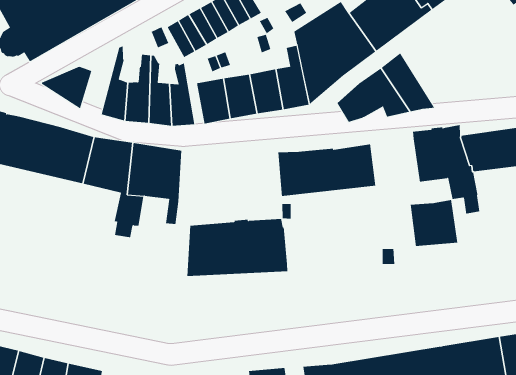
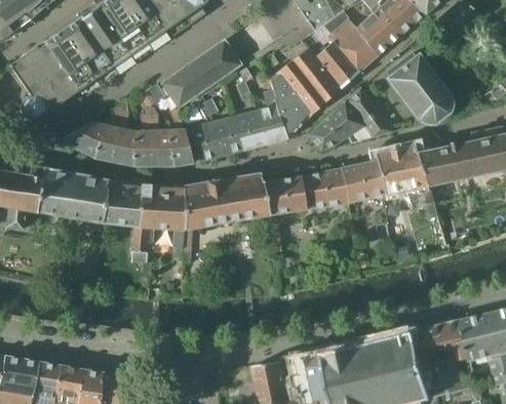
building: none -> [386,52,451,126]
building: none -> [94,103,122,160]
building: [410,199,458,246] -> [341,159,384,201]
building: [186,218,288,276] -> [183,172,269,228]

